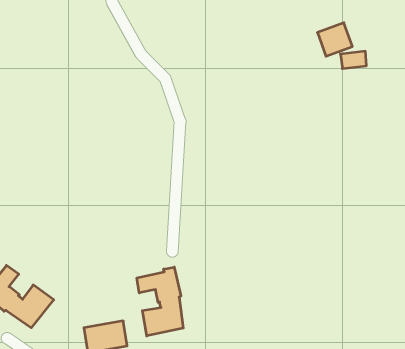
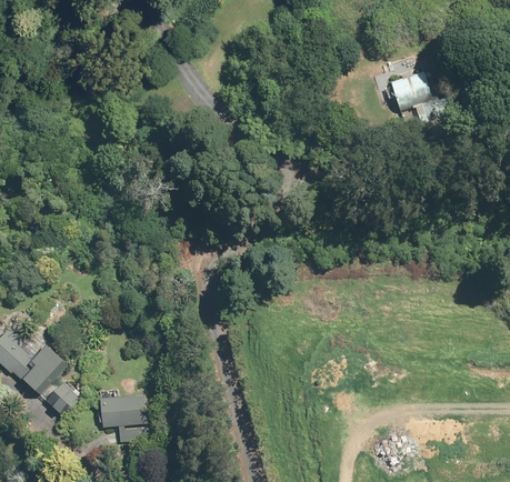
building: [137,267,183,336] -> none
building: none -> [48,383,79,414]

